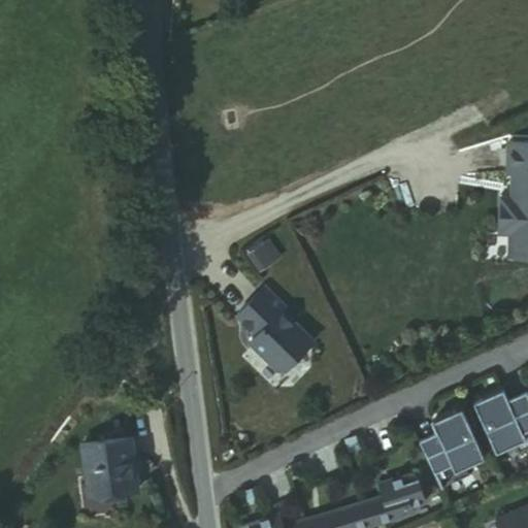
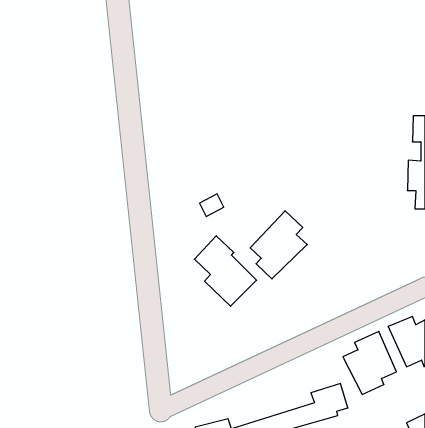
building: none -> [250,211,307,279]
building: [67,440,124,500] -> none

